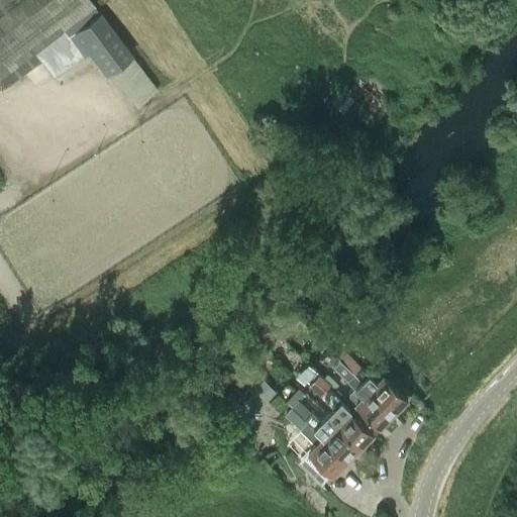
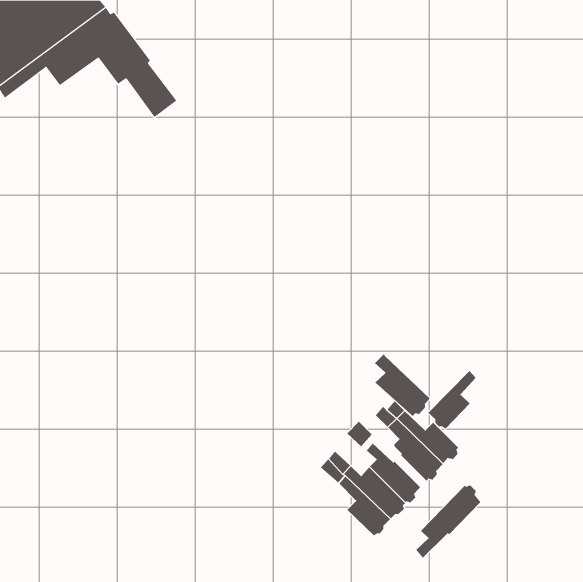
building: none -> [374,353,431,417]
building: none -> [428,370,477,429]
building: none -> [415,485,481,558]

